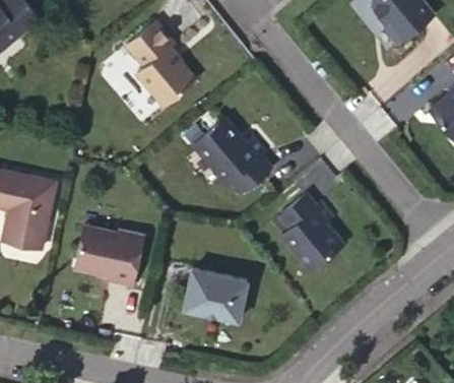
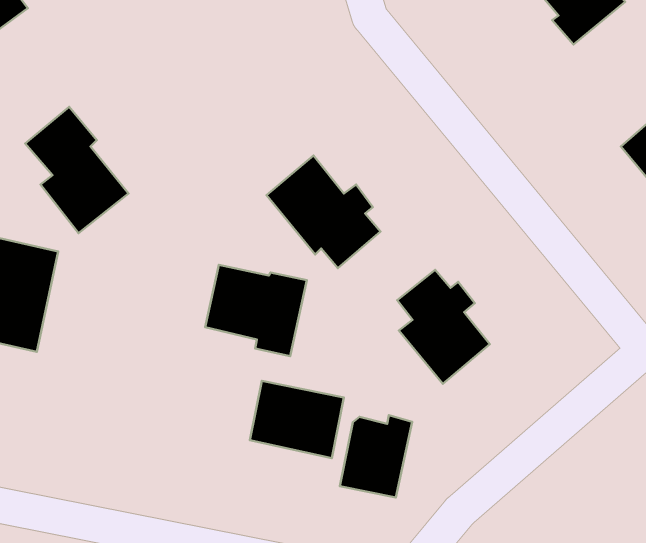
building: [126,20,195,105] -> [25,107,129,233]
building: [74,226,142,286] -> [205,265,307,356]
building: none -> [340,415,412,498]

